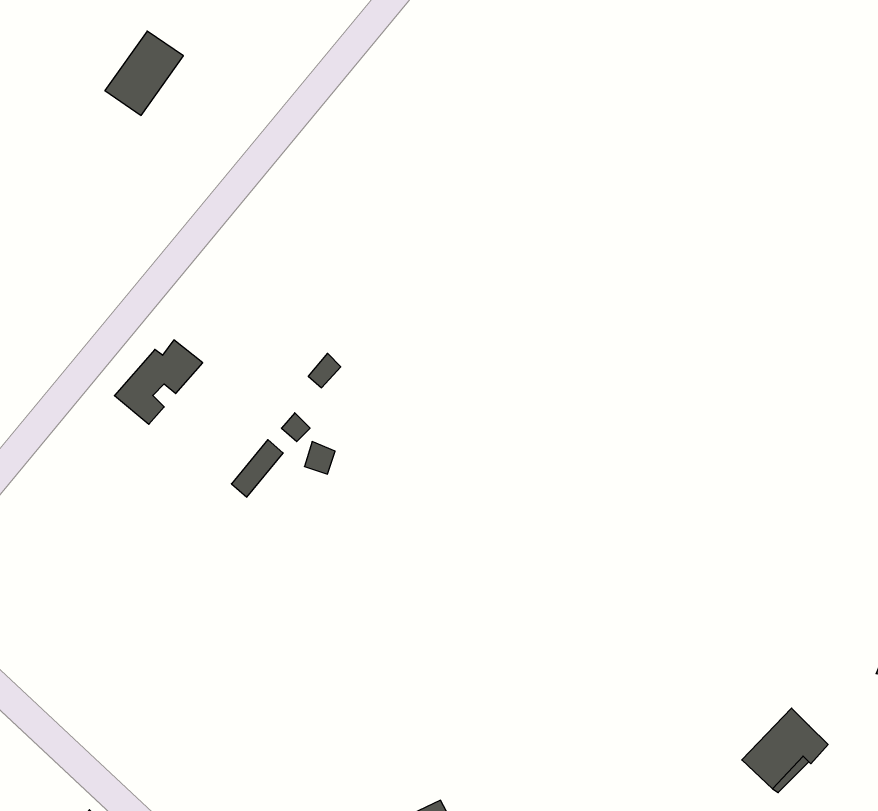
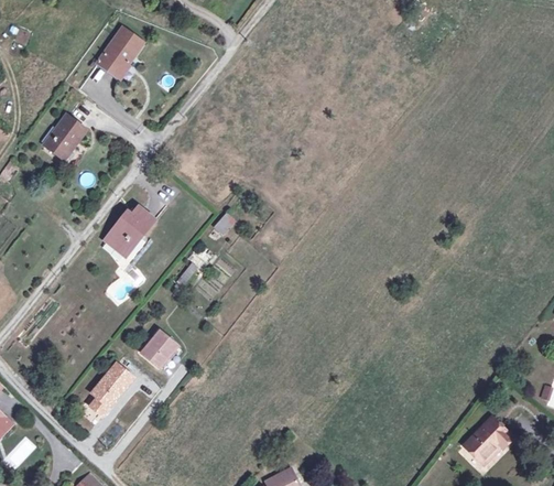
building: none -> [45,116,85,158]
building: none -> [141,331,177,367]
building: none -> [93,363,133,406]

